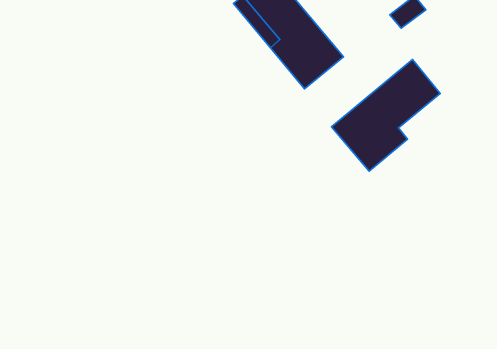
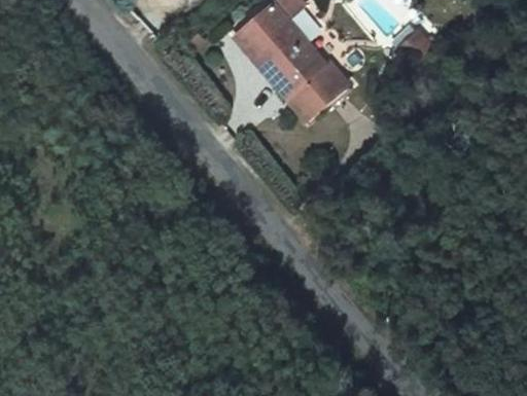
building: [331,60,440,171] -> none

